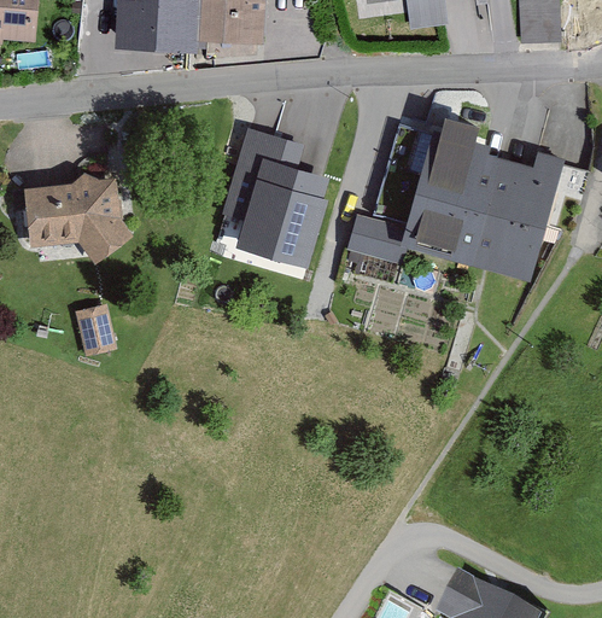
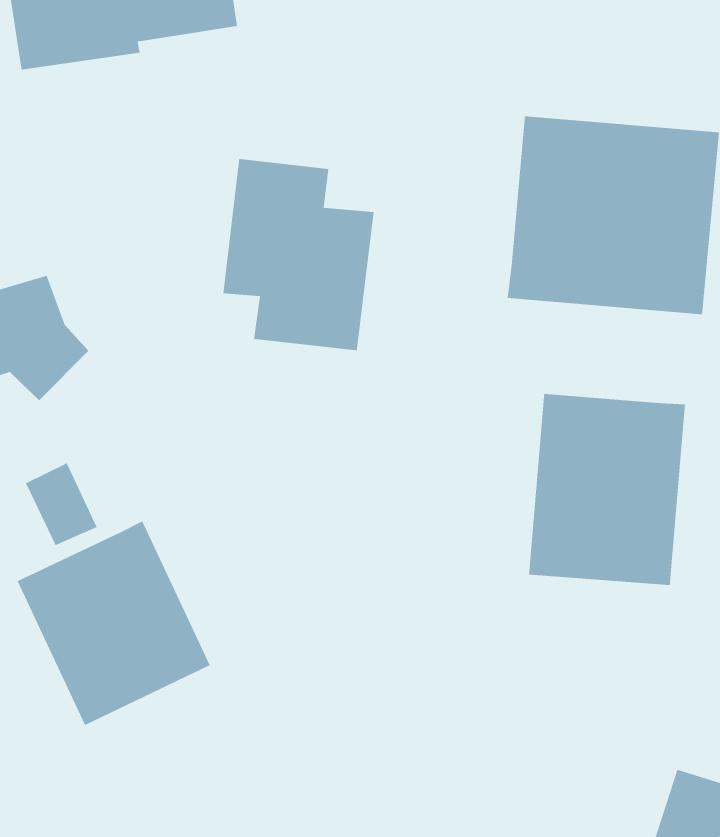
building: [347,214,409,263] -> none
building: none -> [528,393,685,586]
building: none -> [17,520,211,726]

